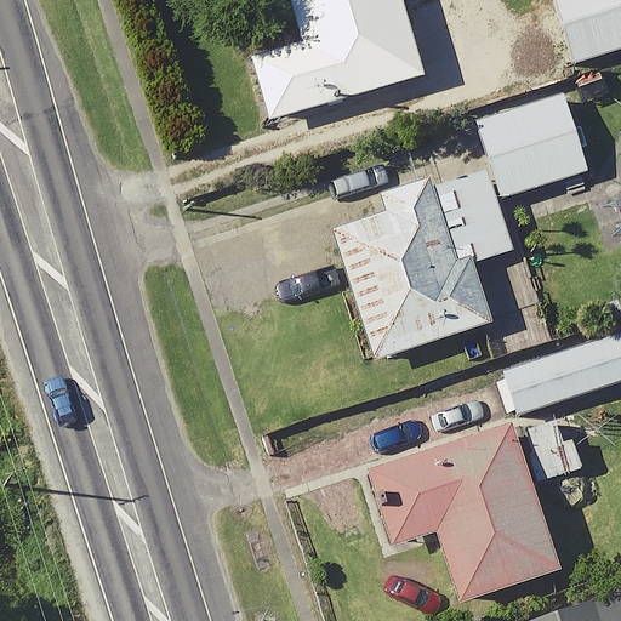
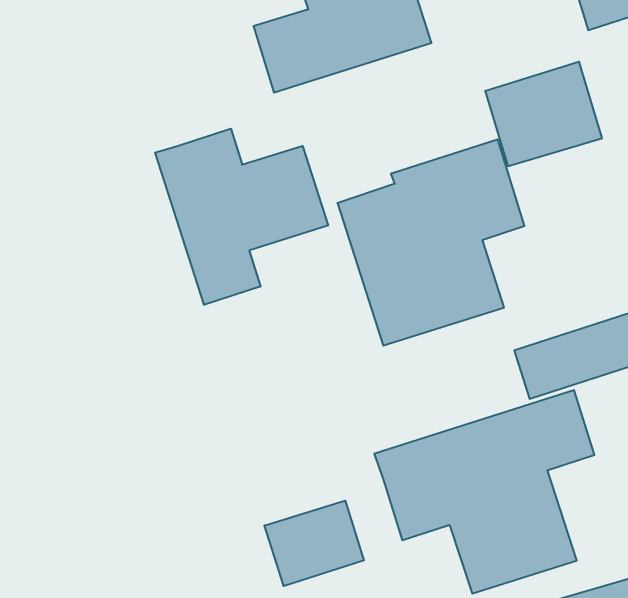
building: none -> [155,129,328,305]
building: none -> [264,501,364,586]

